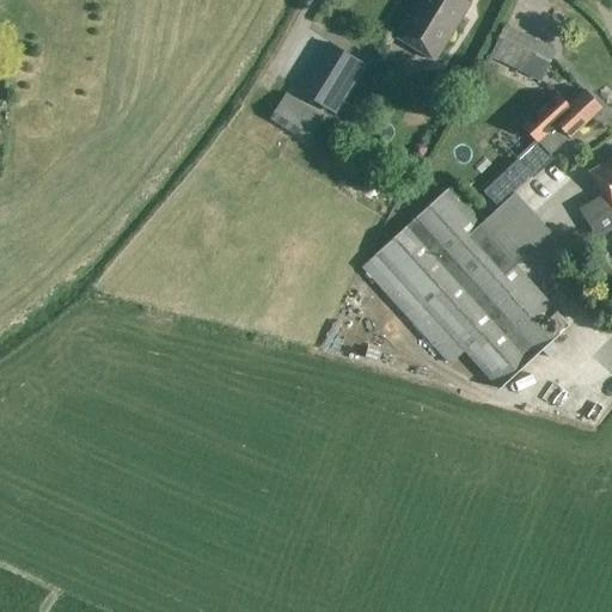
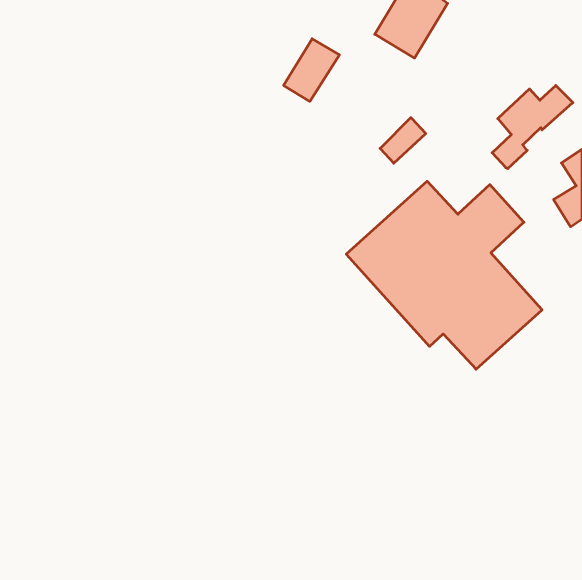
building: [489,24,556,81] -> none
building: [269,92,320,140] -> none
building: [483,159,531,207] -> [380,118,426,163]

